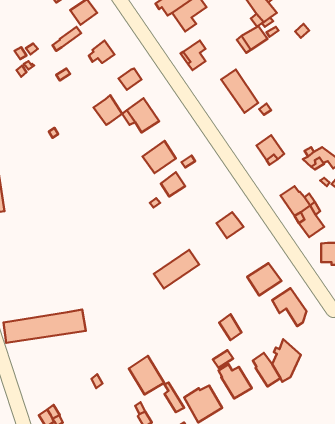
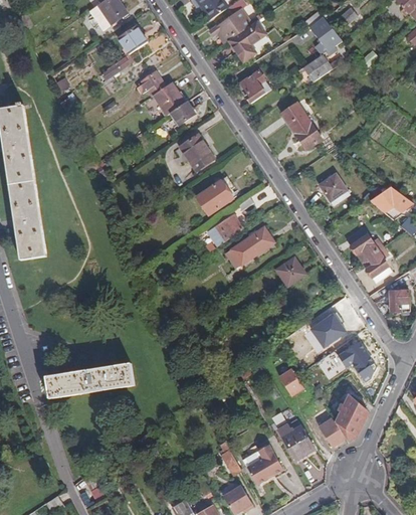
building: [93,95,122,125] -> [153,81,184,114]
building: [154,250,199,289] -> [225,225,274,268]
building: [129,356,164,394] -> none

